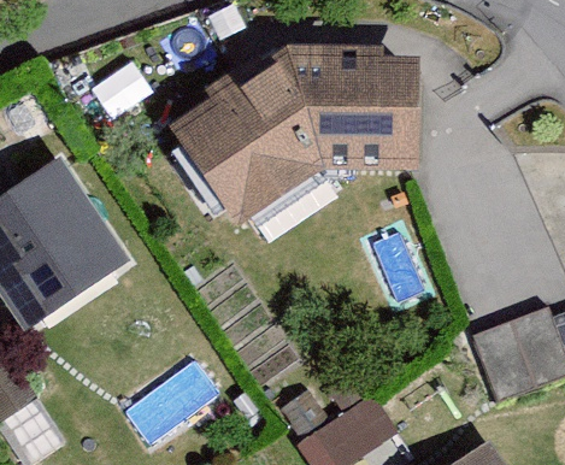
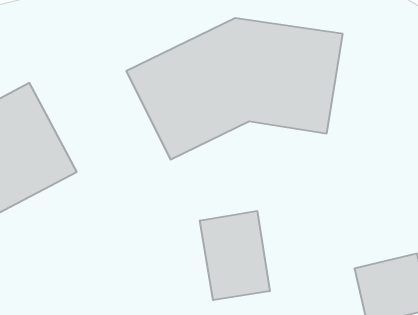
building: none -> [200,211,270,300]

